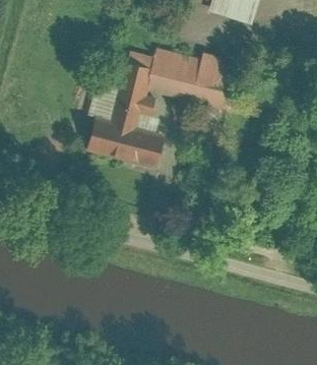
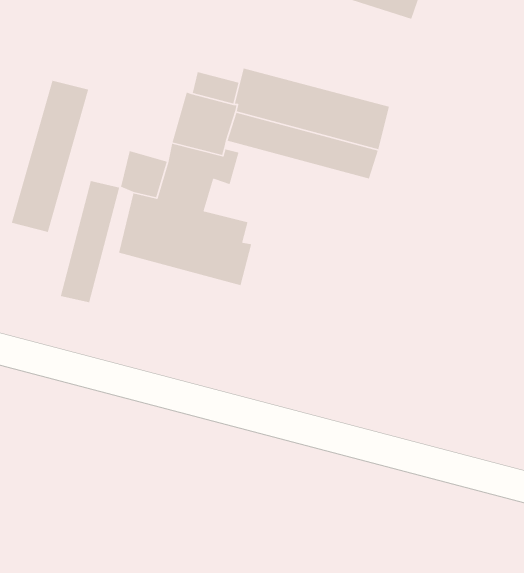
building: none -> [11,80,89,233]
building: none -> [60,180,120,303]

